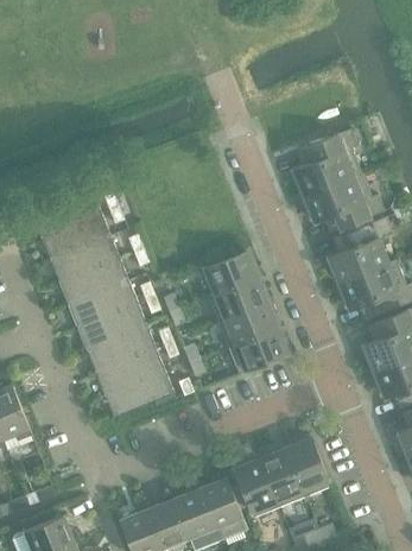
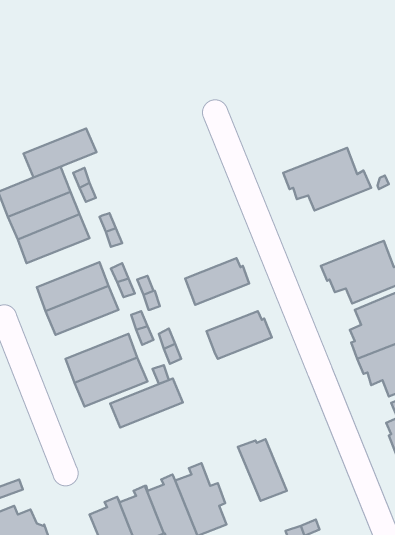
building: [294,129,362,197] -> none
building: [329,217,393,285] -> none
building: [205,251,258,297] -> none
building: [59,259,128,305] -> [23,128,96,177]
building: [218,302,278,347] -> none
building: [87,327,156,373] -> [110,379,183,427]
building: [285,436,331,498] -> none
building: [234,456,280,518] -> none

